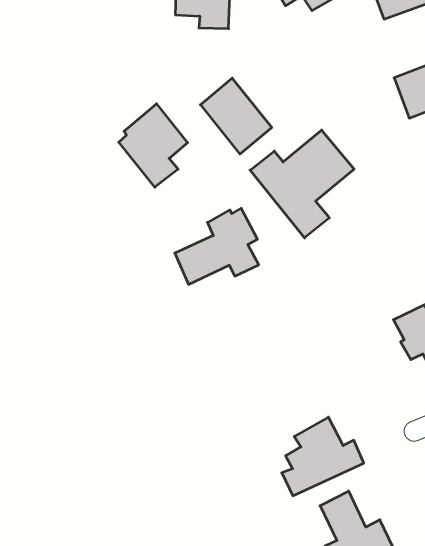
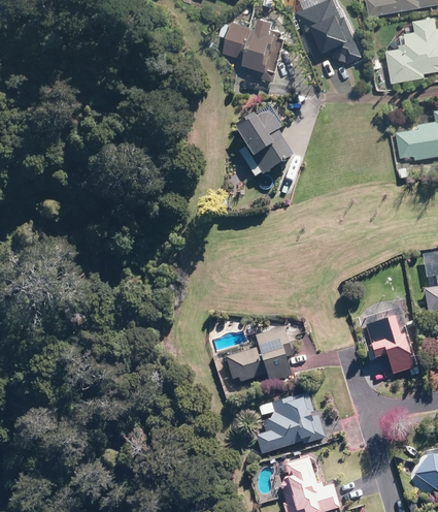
building: [119,104,188,187] -> none
building: [250,130,354,238] -> none
building: [175,208,259,284] -> [225,327,293,382]

